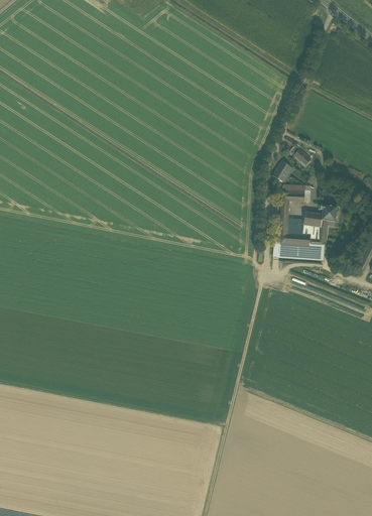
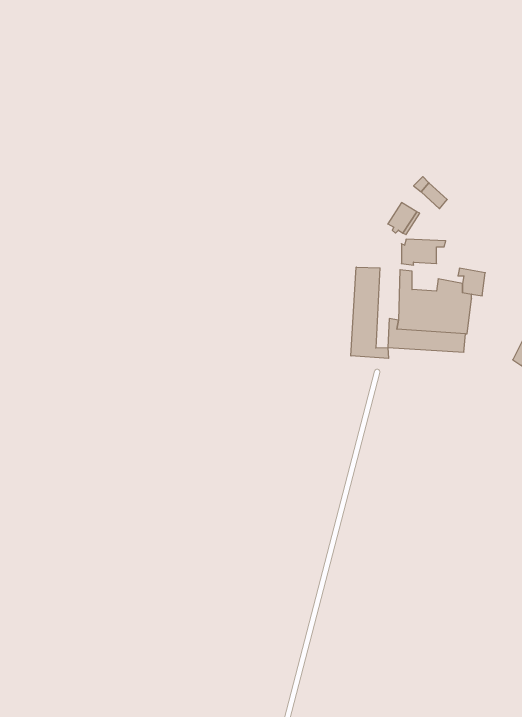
building: none -> [351,267,388,358]

